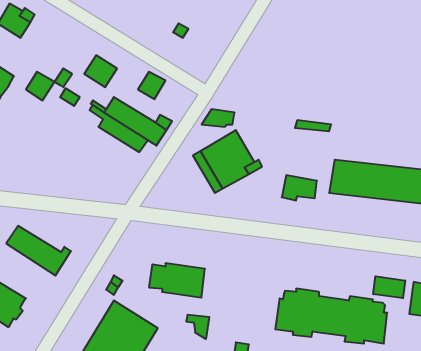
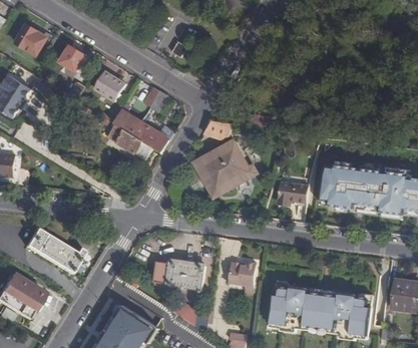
building: [26,72,55,100] -> [59,46,85,72]
building: none -> [227,262,254,287]
building: [373,276,405,298] -> none

